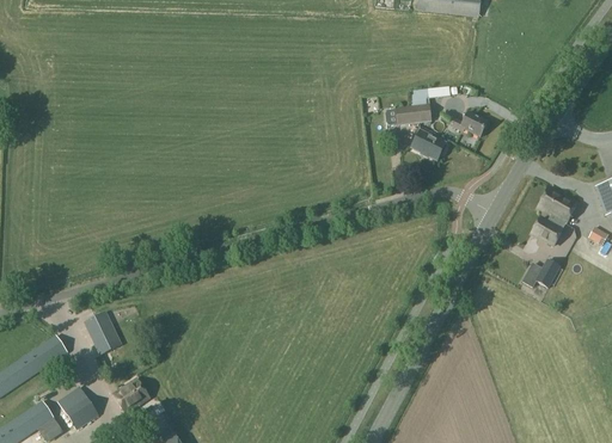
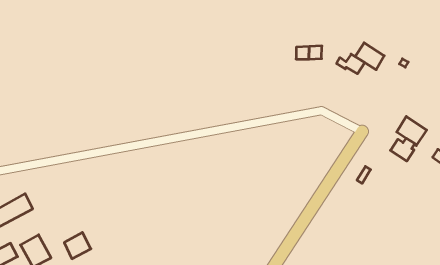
building: none -> [355,43,384,70]
building: [411,129,447,160] -> none
building: [522,259,559,287] -> none
building: [84,310,122,355] -> none

